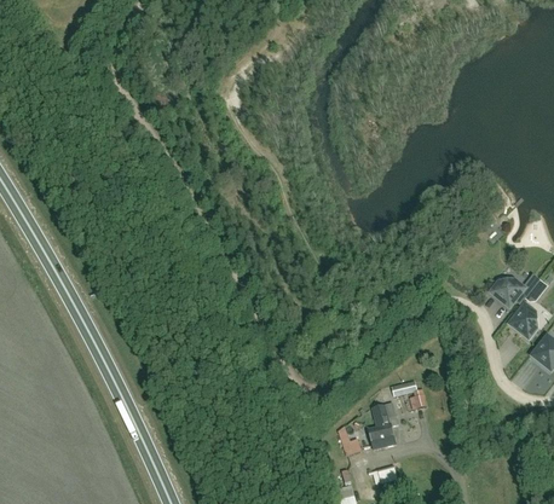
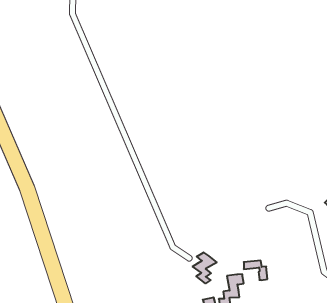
building: none -> [193,252,217,283]

